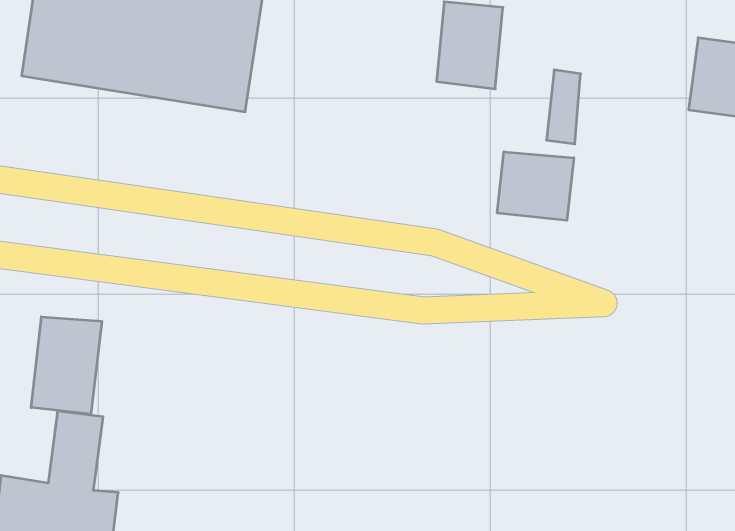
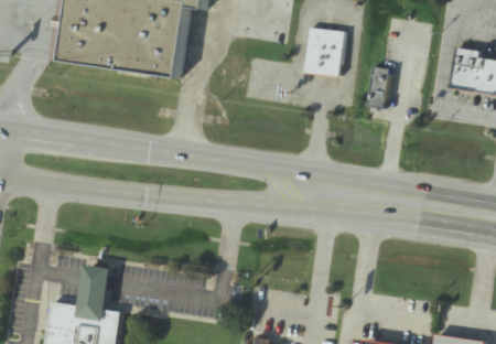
building: [497,152,574,220] -> none
building: [31,317,102,414] -> none

